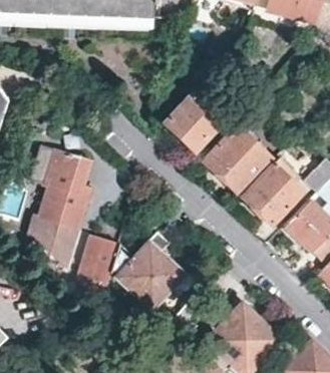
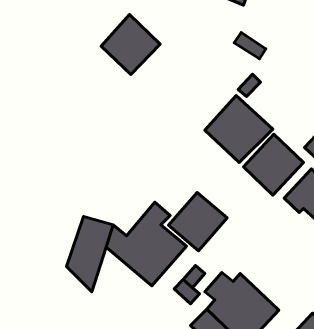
building: [163,90,222,149] -> [101,15,160,75]
building: [23,145,90,271] -> none
building: none -> [168,192,227,251]

